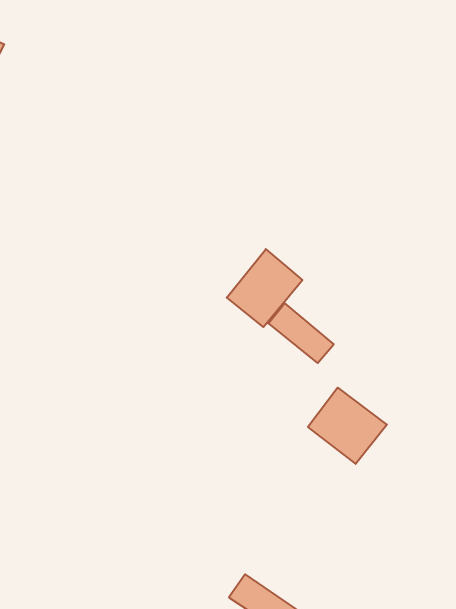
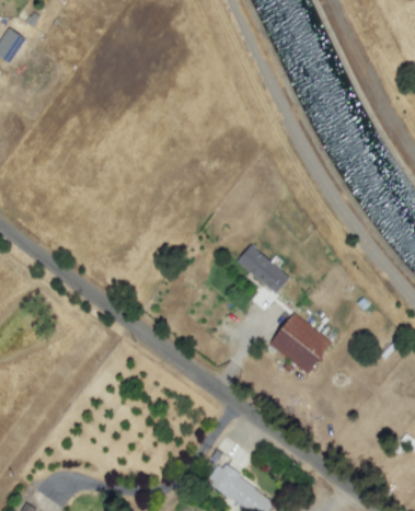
building: [227,249,302,327] -> none

